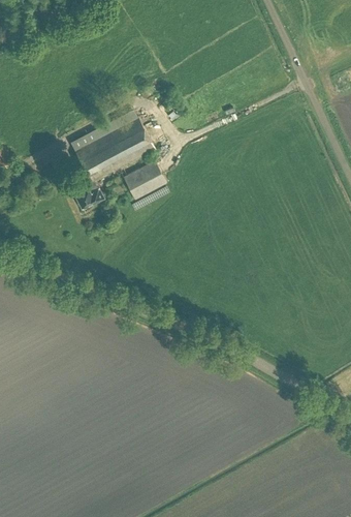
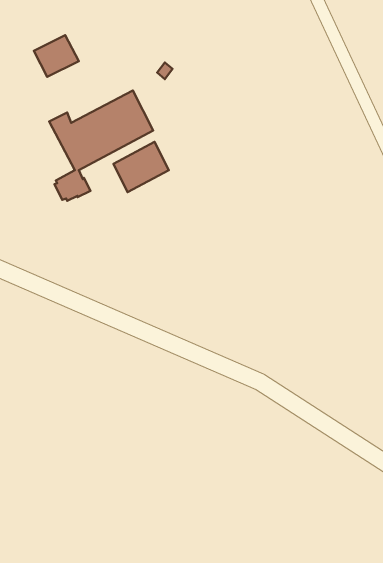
building: none -> [34,35,79,77]

